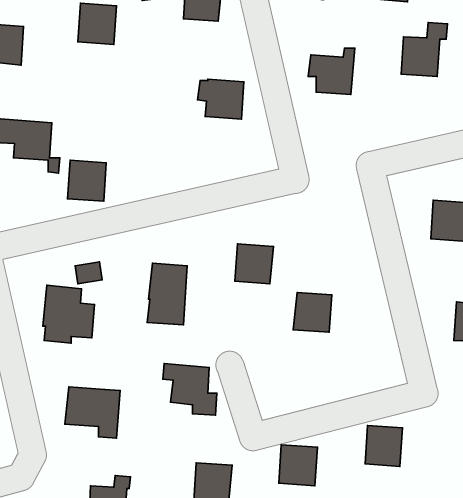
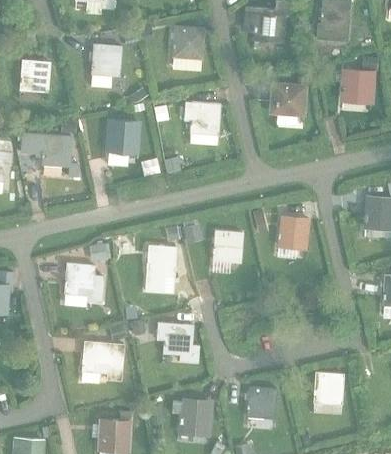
building: [68,160,106,201] -> [108,120,138,152]
building: [293,292,332,332] -> [278,217,308,248]

